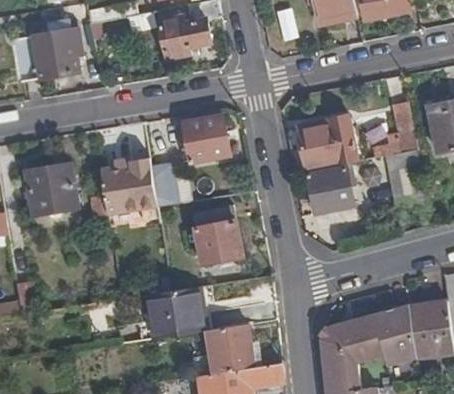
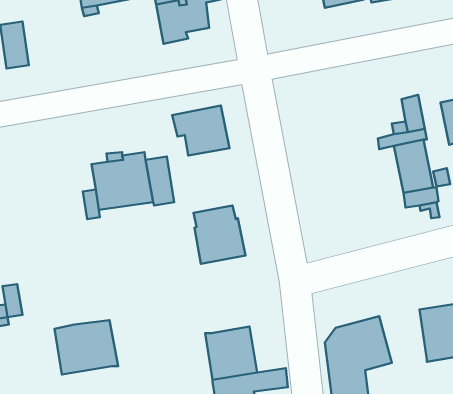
building: [34,29,81,78] -> none
building: [297,114,349,166] -> none
building: [307,160,354,212] -> none
building: [25,166,76,214] -> none
building: [152,287,212,338] -> [54,320,118,375]
building: [370,304,415,364] -> none

